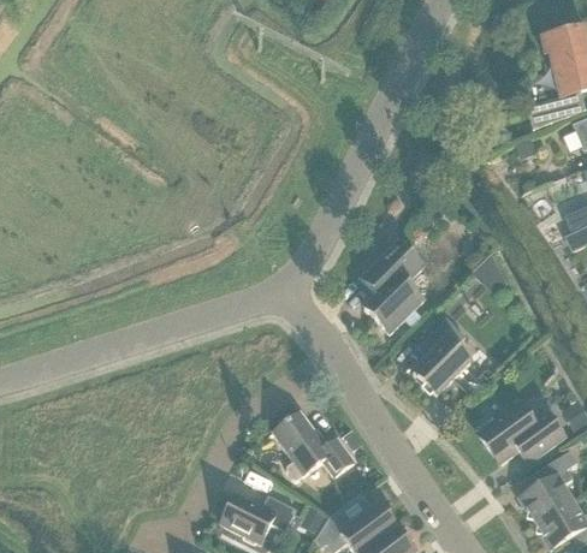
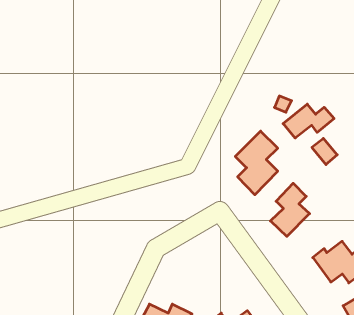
building: none -> [283,104,334,138]
building: [265,410,355,478] -> none

